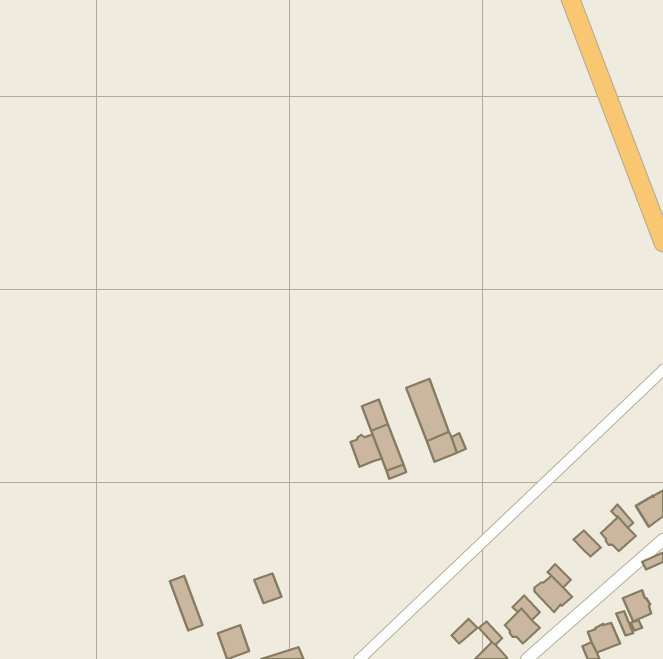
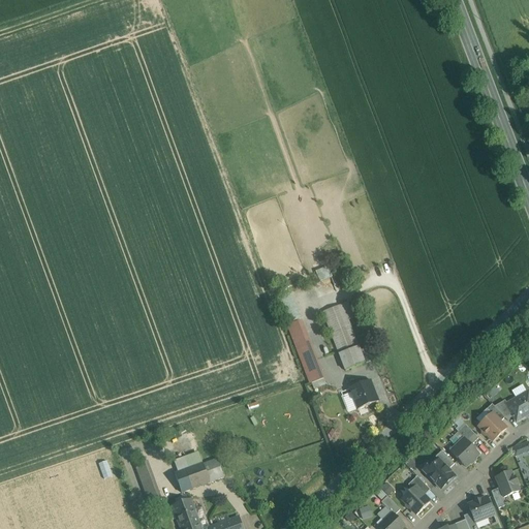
building: [351,434,382,467] -> none
building: none -> [349,378,377,407]
building: none -> [450,437,478,465]
building: none -> [175,462,210,491]

